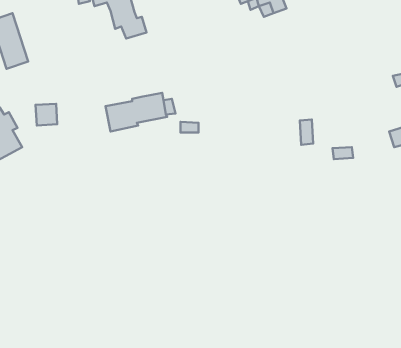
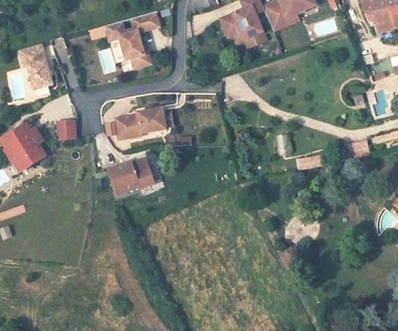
building: none -> [110,163,157,201]

